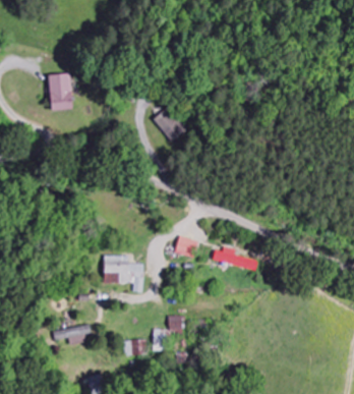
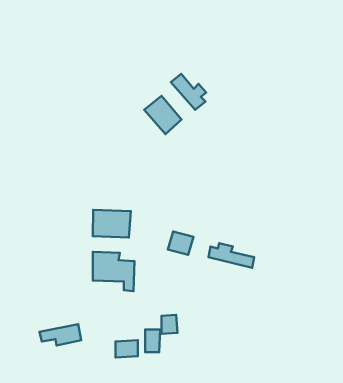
building: [49,73,72,110] -> none
building: none -> [171,74,206,110]
building: none -> [93,210,131,238]

